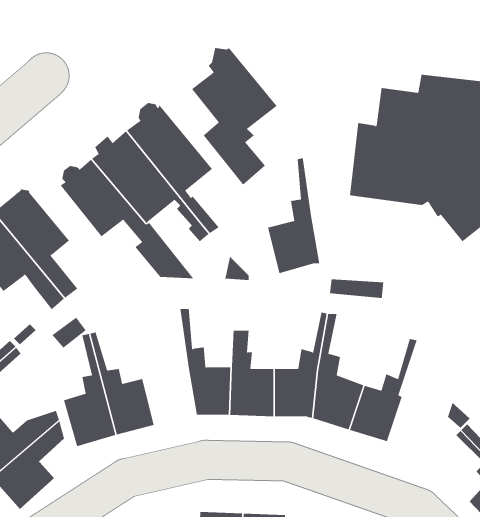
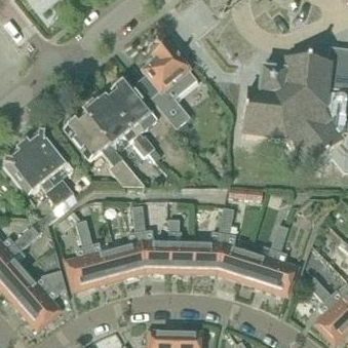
building: [267,157,320,274] -> [114,206,147,278]
building: none -> [265,226,297,297]

